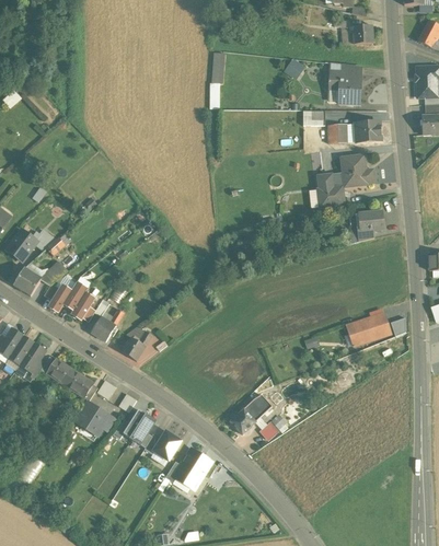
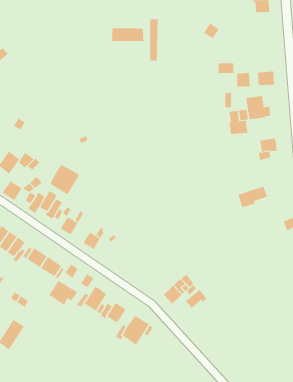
building: none -> [112,27,144,42]
building: [330,70,360,103] -> none
building: none -> [50,164,80,195]
building: [348,313,389,342] -> [238,186,268,208]

